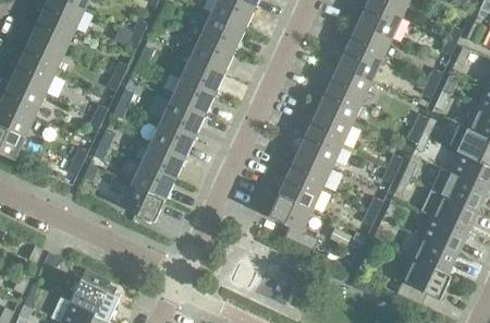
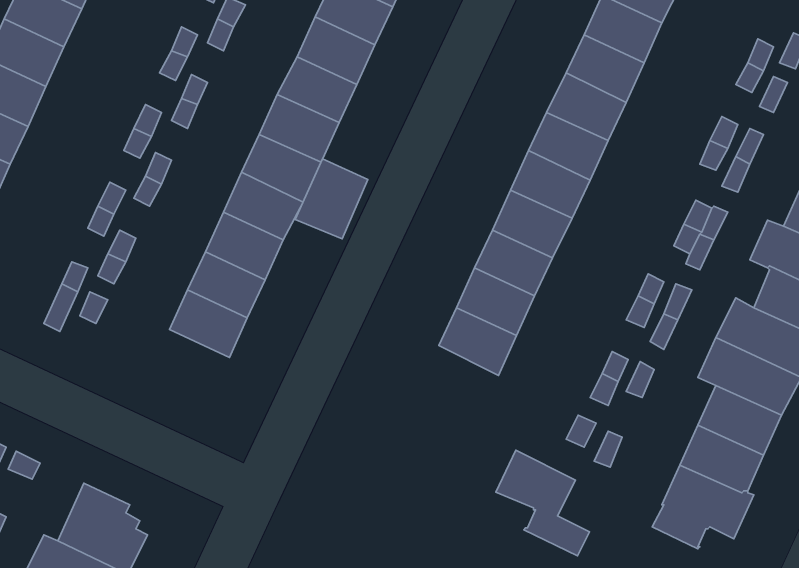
building: none -> [295,159,368,239]
building: [121,184,164,222] -> none
building: [268,193,319,251] -> [496,450,589,556]

